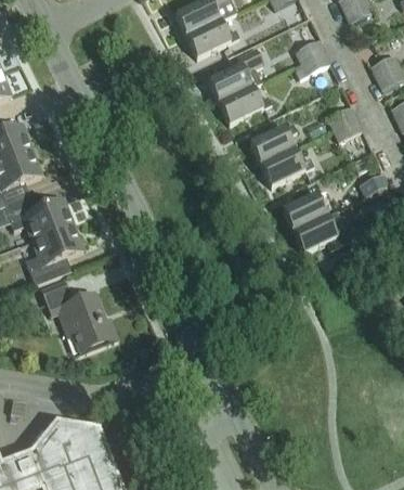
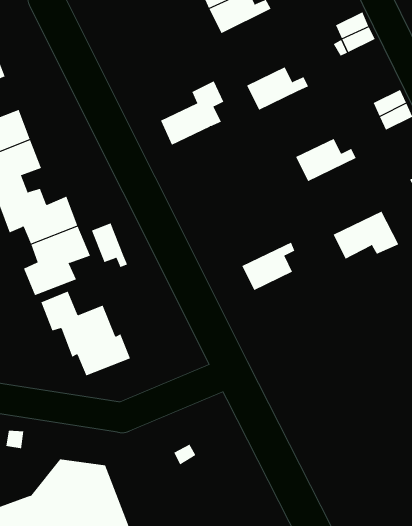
building: [208,44,263,101] -> [160,80,224,146]
building: [249,120,296,163] -> none
building: [282,188,328,230] -> [241,242,295,291]
building: none -> [91,223,128,268]

